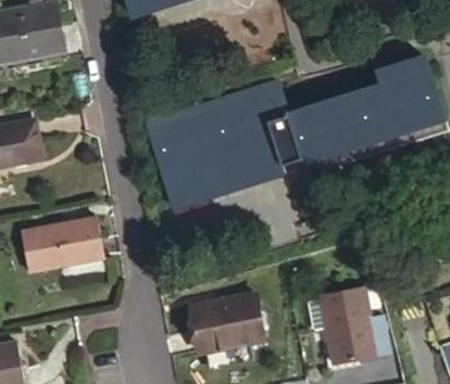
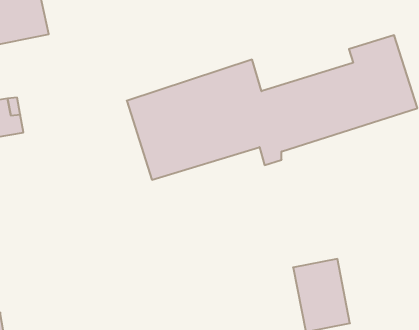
building: [21,216,103,271] -> none
building: [190,292,263,353] -> none

